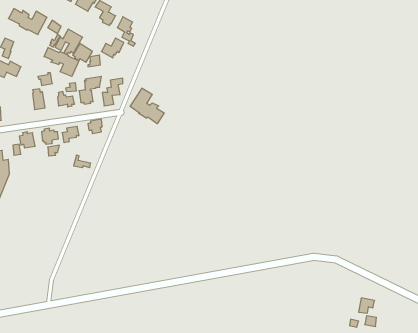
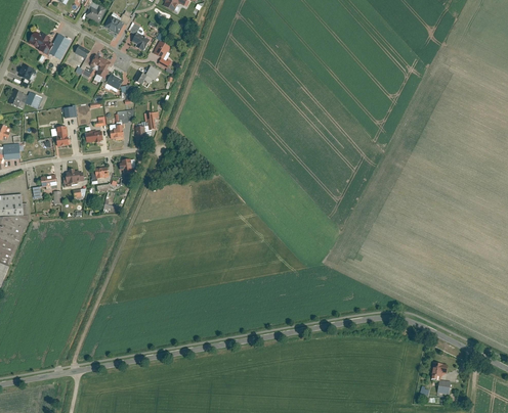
building: [44,47,79,76] -> none
building: [130,88,164,124] -> none

